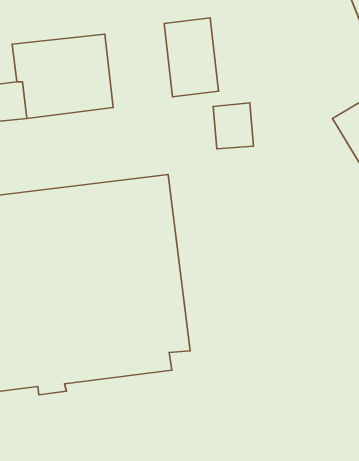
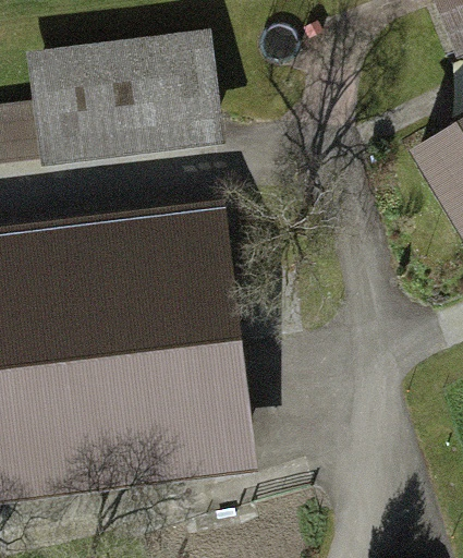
building: [164,18,218,97] -> [149,37,214,131]

